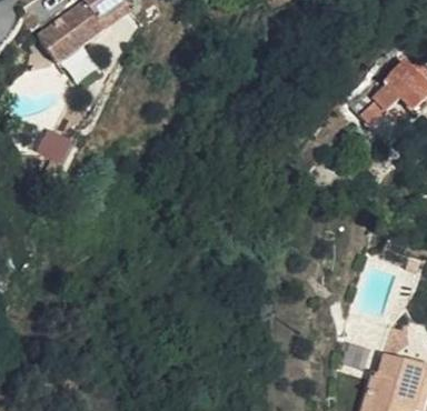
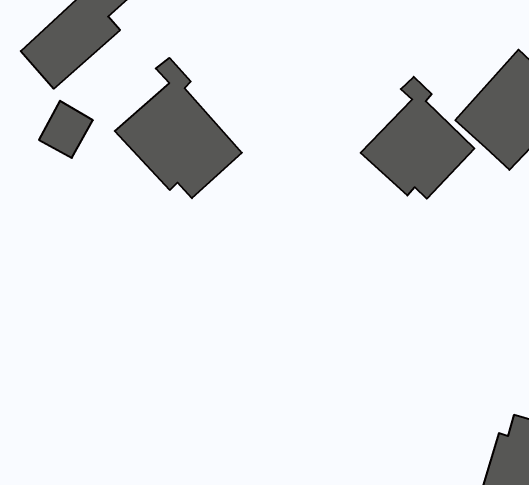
building: none -> [115,58,242,198]
building: none -> [361,77,474,199]

